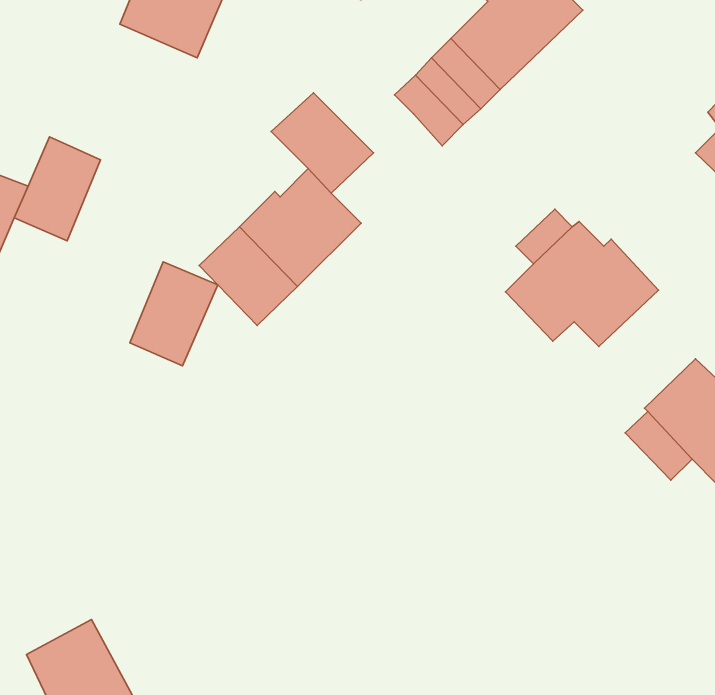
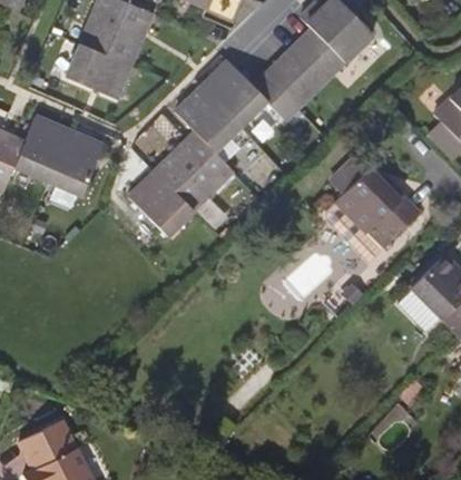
building: none -> [66,42,128,97]
building: none -> [202,60,265,124]
building: [130,262,218,366] -> [46,128,101,194]

